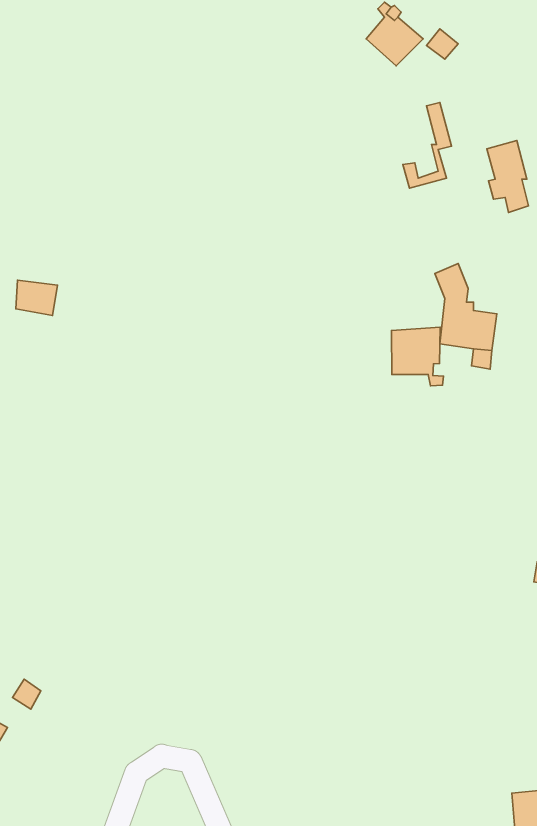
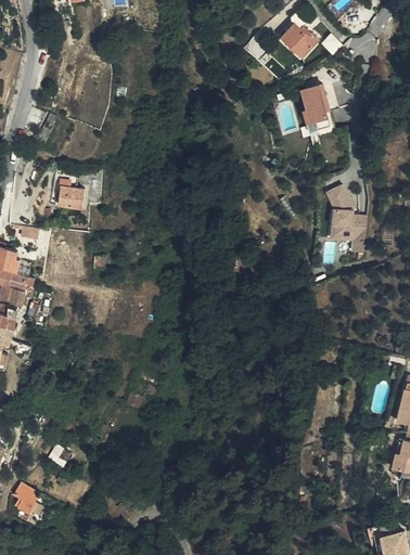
building: [487,141,529,213] -> [297,78,324,125]
building: [392,327,444,386] -> none

